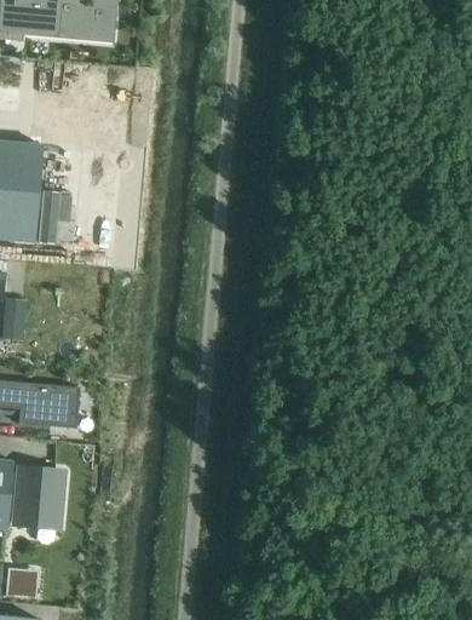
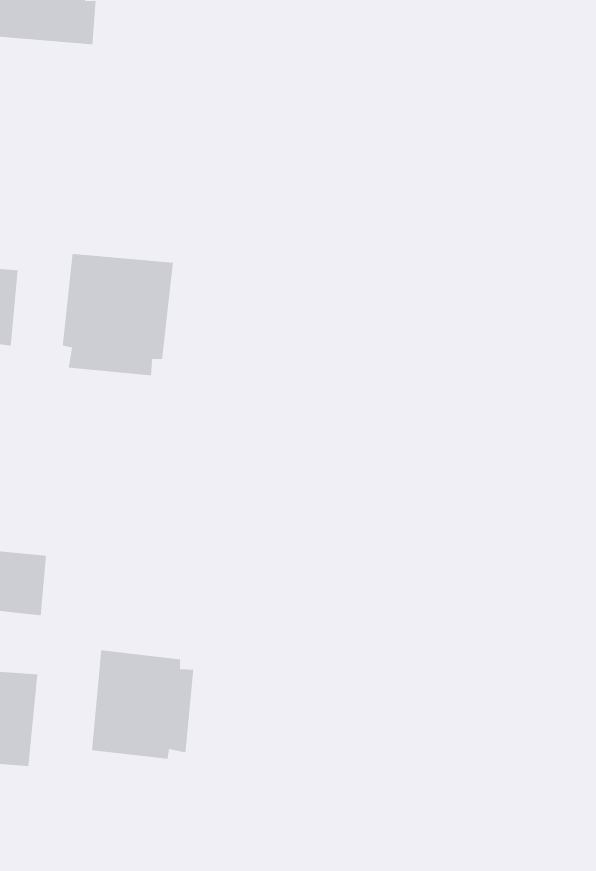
building: none -> [62,253,173,376]
building: none -> [92,649,194,760]

